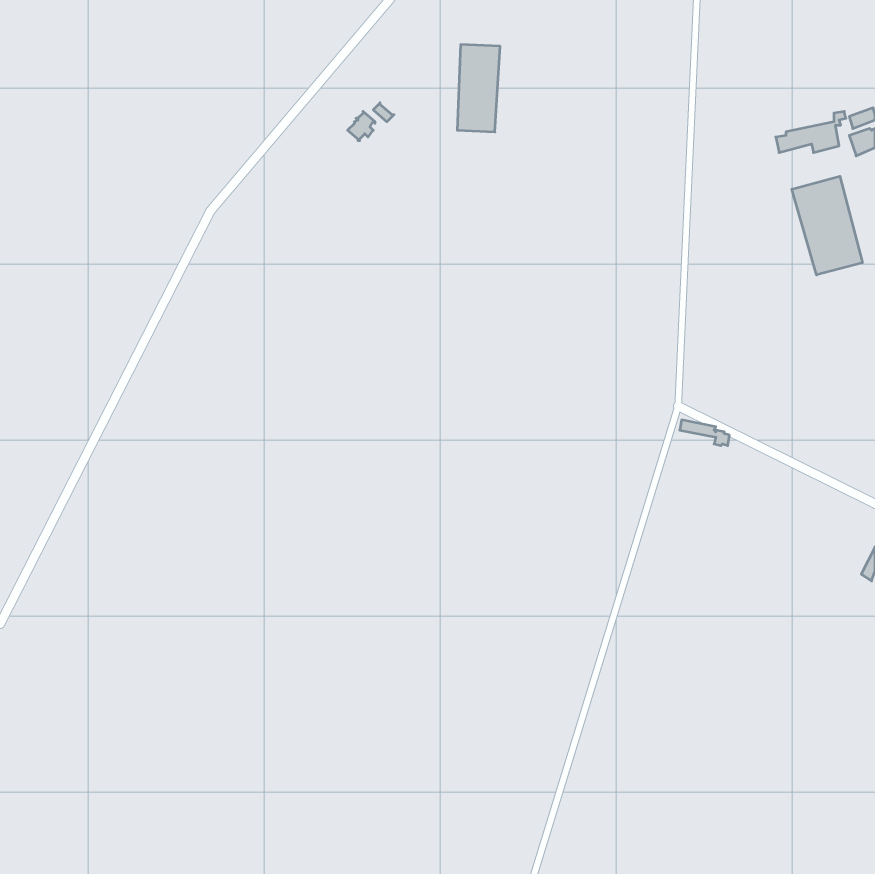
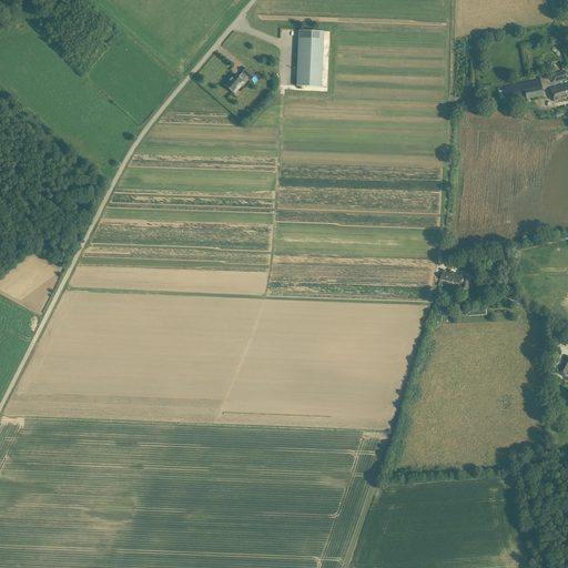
building: [792,176,862,275] -> none

